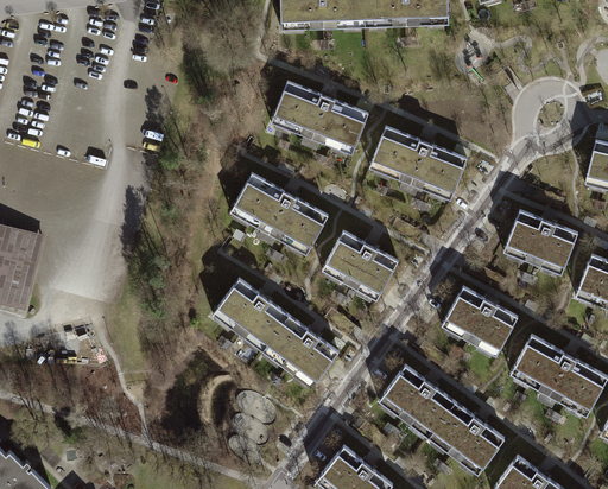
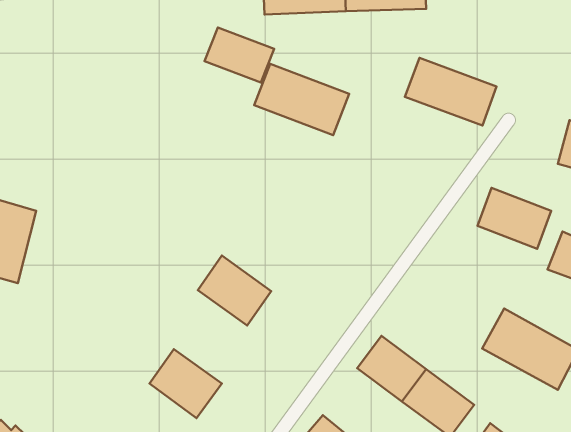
building: none -> [204,27,274,83]
building: [370,129,466,199] -> [405,58,496,126]
building: [230,173,328,253] -> none
building: [323,229,399,299] -> none
building: [441,286,519,356] -> none
building: [264,315,338,386] -> [150,349,222,418]

